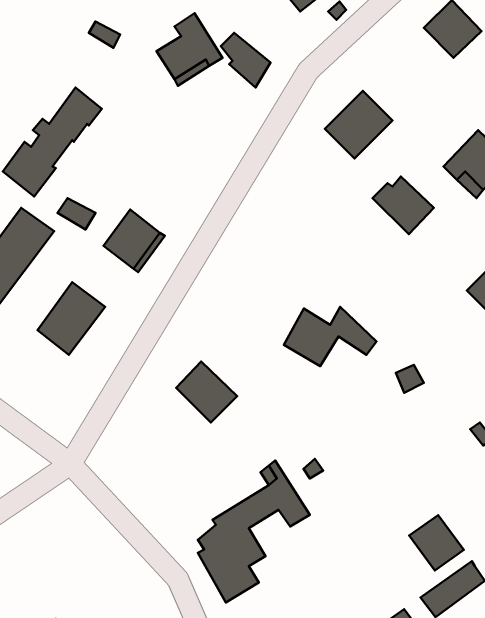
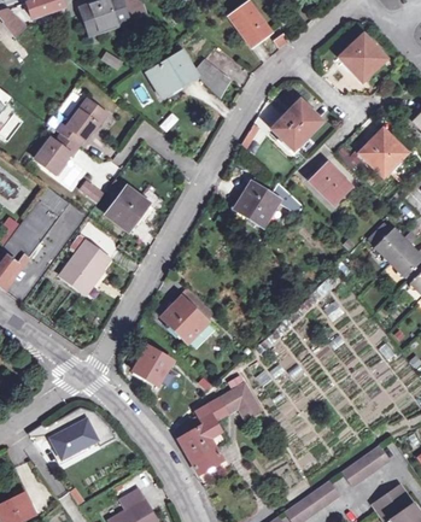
building: [284,307,376,366] -> [236,181,304,224]
building: none -> [134,347,171,385]
building: [409,515,464,570] -> none
building: none -> [52,418,98,458]

